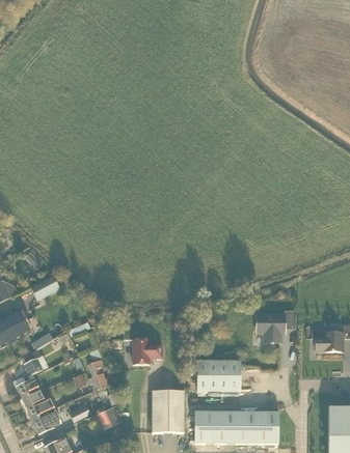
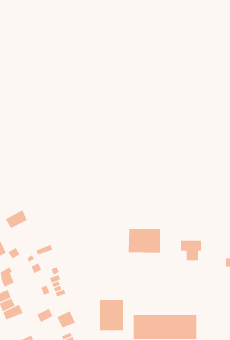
building: [133,338,162,364] -> none
building: [196,360,239,392] -> [128,228,161,253]
building: [31,408,60,433] -> none

